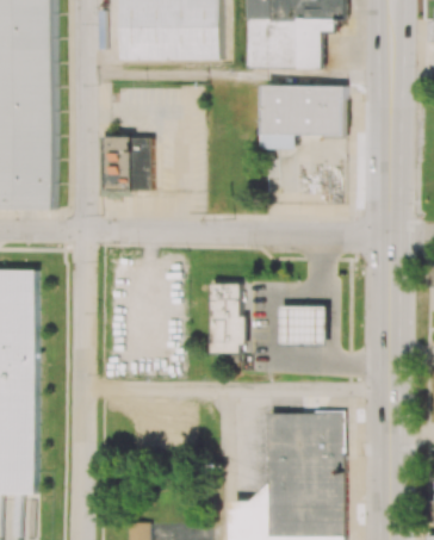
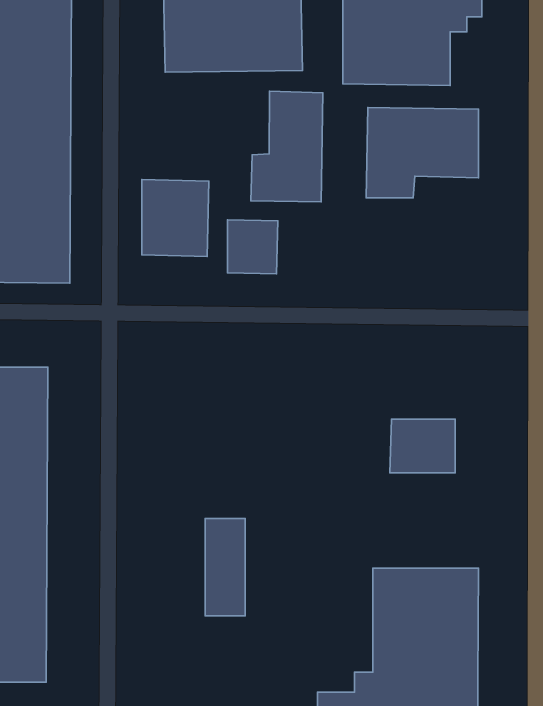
building: none -> [251,91,323,202]
building: none -> [228,220,278,274]
building: [213,283,242,352] -> [205,519,245,616]

